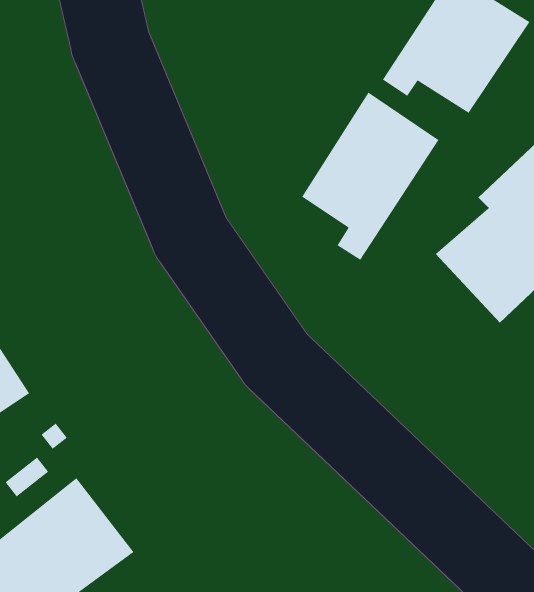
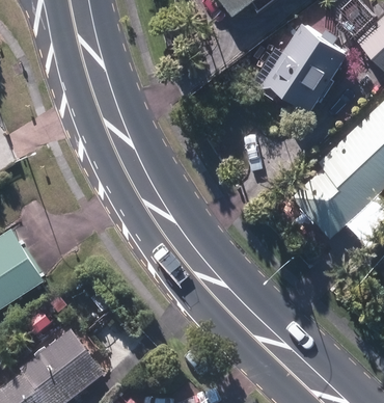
building: [301,92,439,261] -> none

